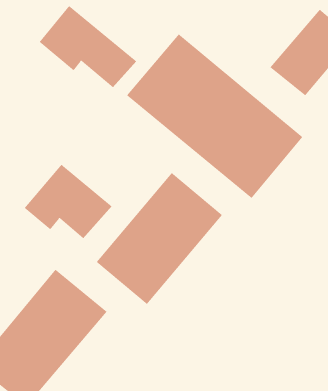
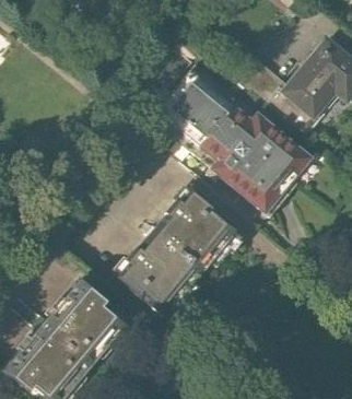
building: [39,5,137,88] -> none
building: [24,164,112,239] -> none

